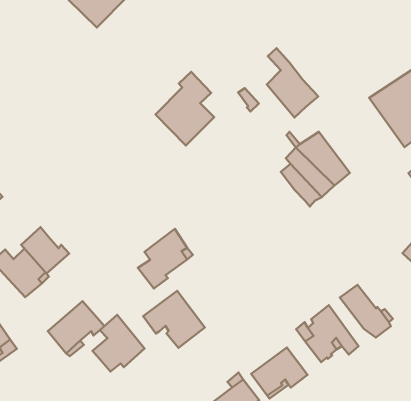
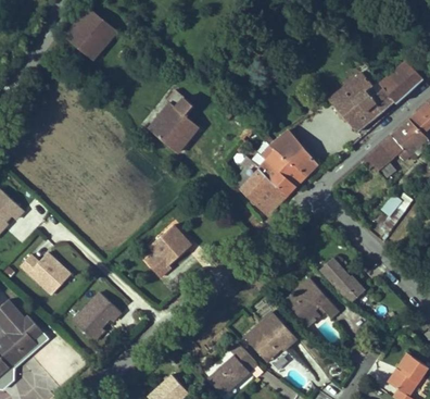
building: [267,48,318,118] -> [240,157,286,214]
building: [21,227,69,273] -> none
building: [143,291,205,348] -> none
building: [92,315,144,372] -> none

